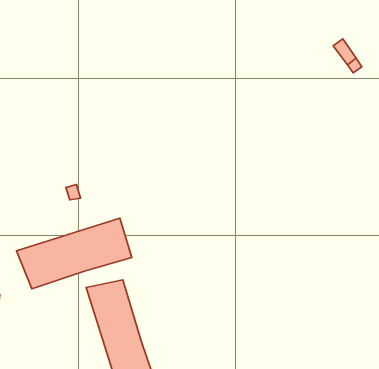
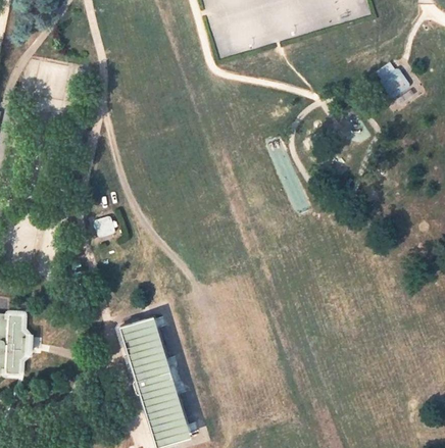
building: [16,218,132,289] -> none

